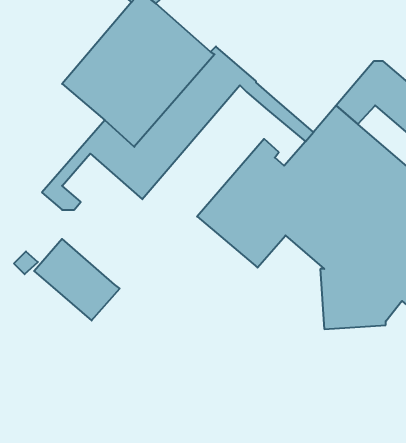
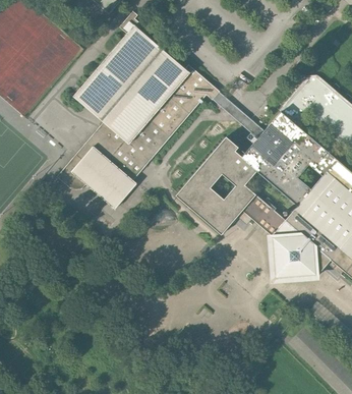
building: [34,239,120,321] -> [72,147,137,209]

